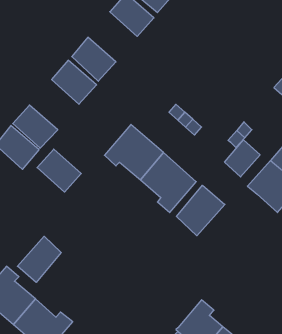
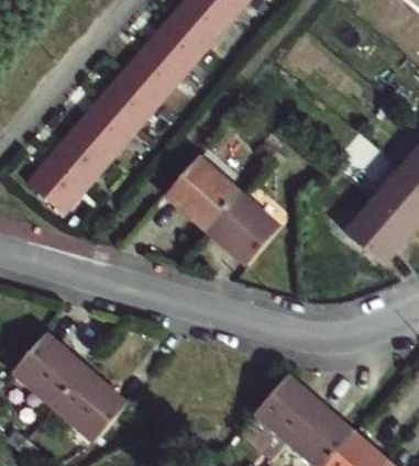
building: none -> [150,19,205,73]
building: [225,140,260,177] -> none
building: [37,149,81,192] -> [77,102,132,156]
building: [176,185,225,236] -> none
building: [17,236,61,282] -> none

